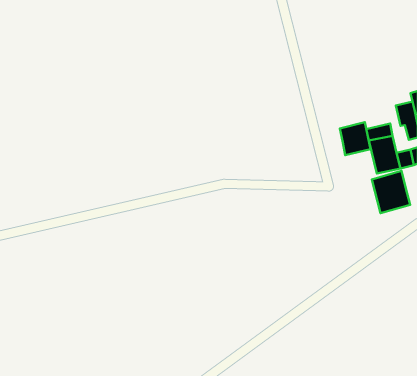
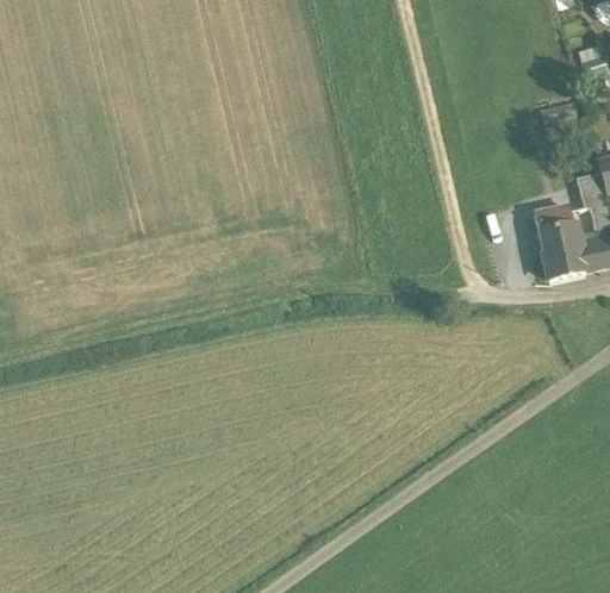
building: [340,122,370,155] -> none
building: [372,171,410,213] -> none

